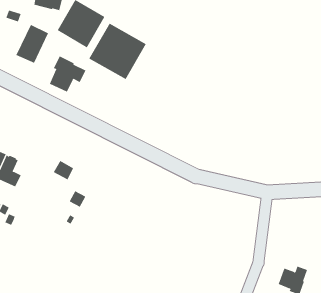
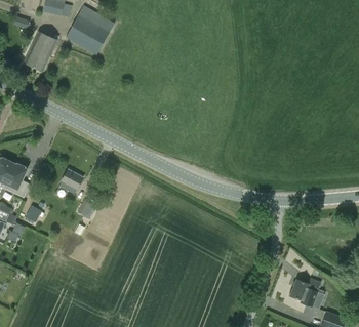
building: [89,23,147,80] -> none
building: [49,56,86,93] -> none

